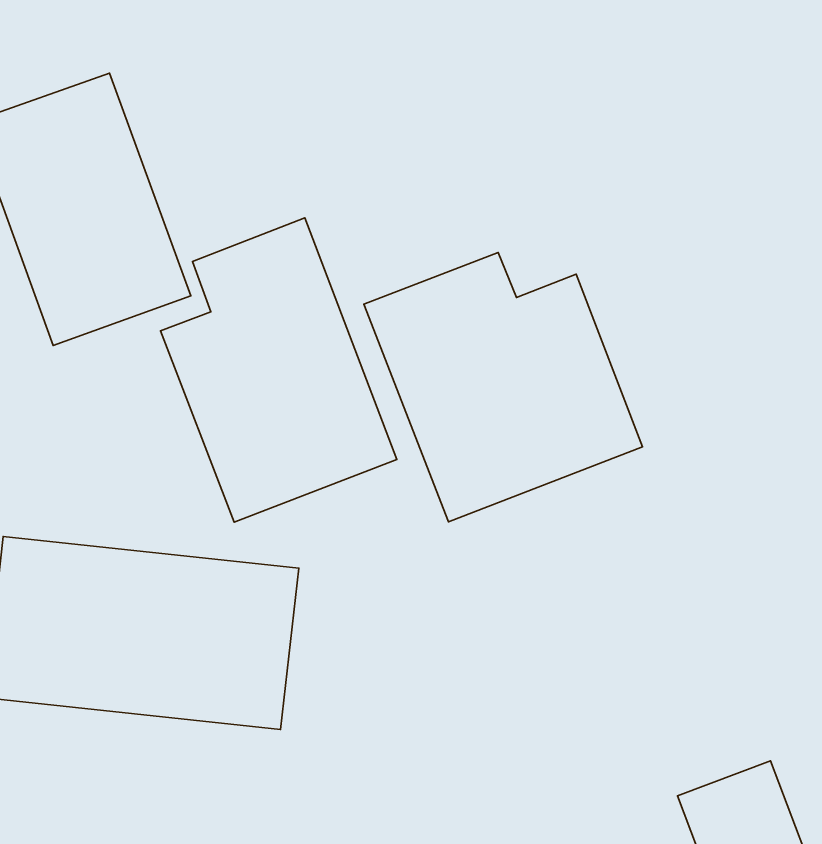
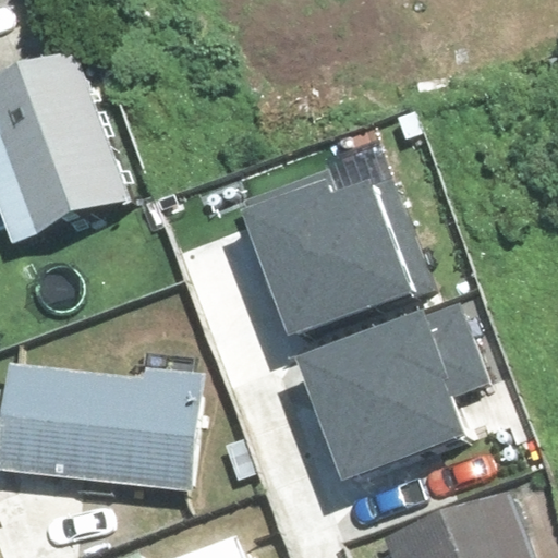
building: [161,218,397,522] -> none
building: none -> [301,302,484,478]

